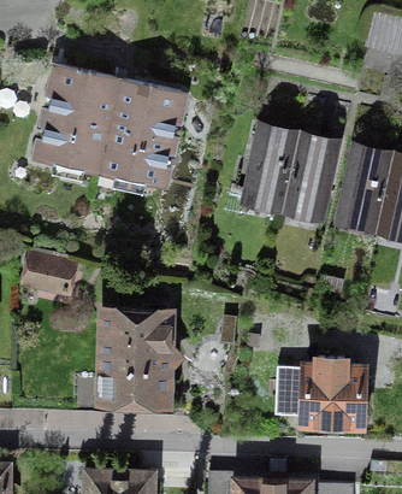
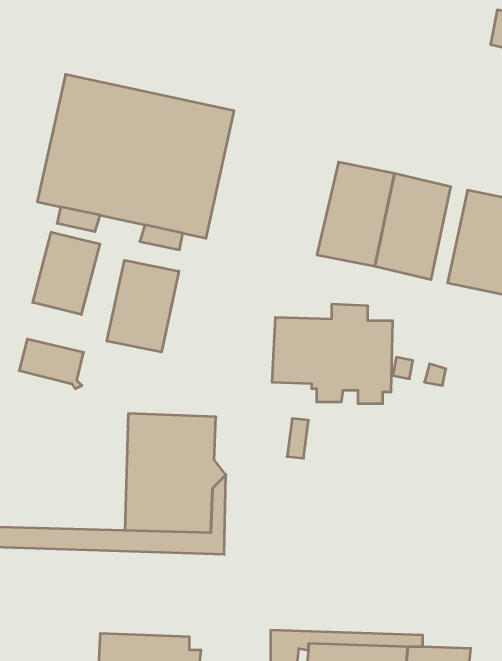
building: none -> [33,232,100,315]
building: none -> [107,260,179,352]
building: [274,355,362,428] -> [272,304,393,404]

